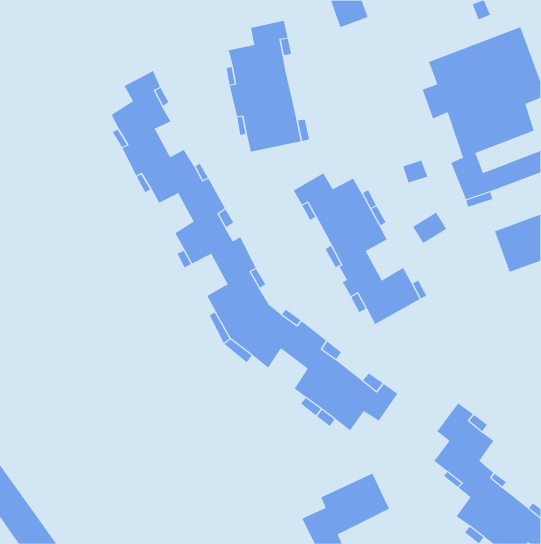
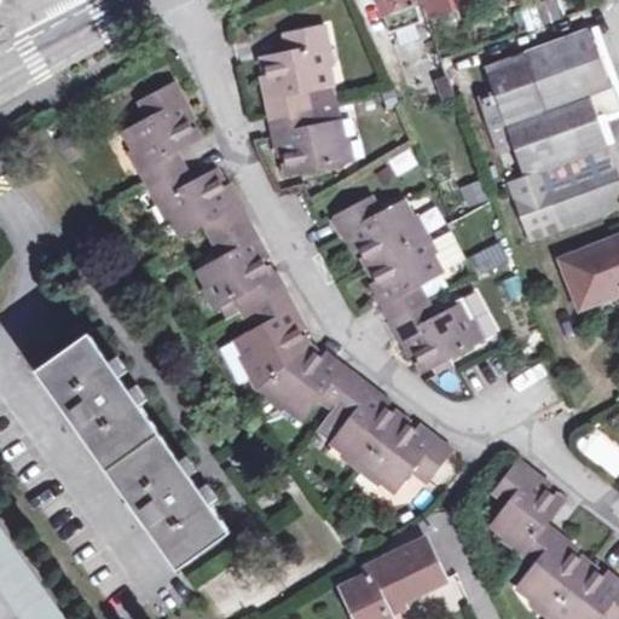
building: none -> [31,330,226,567]

